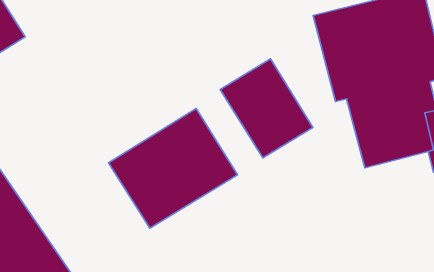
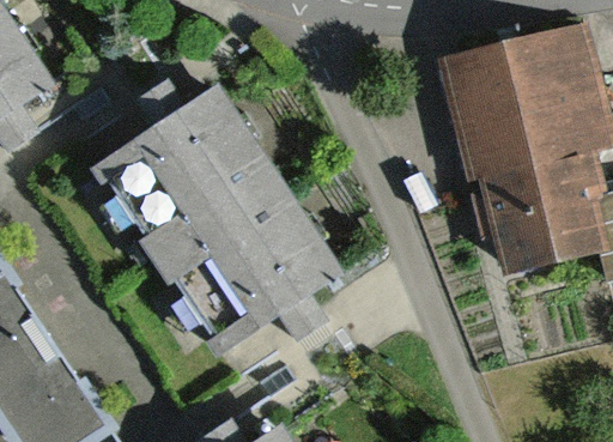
building: none -> [96,95,275,262]
building: [220,59,313,158] -> none

